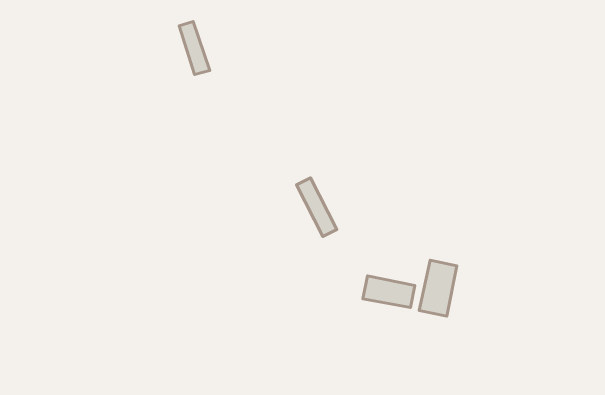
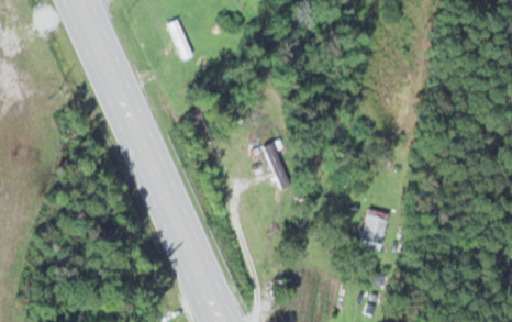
building: [363,276,415,308] -> none

